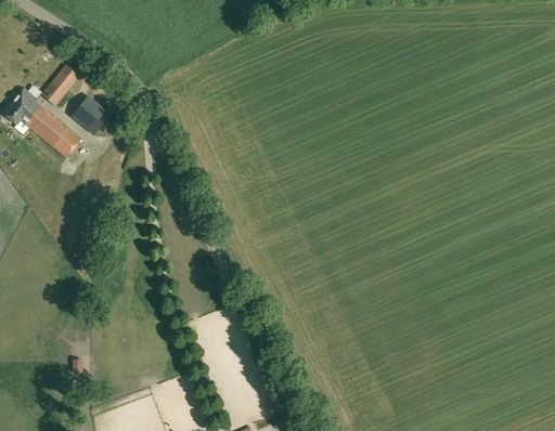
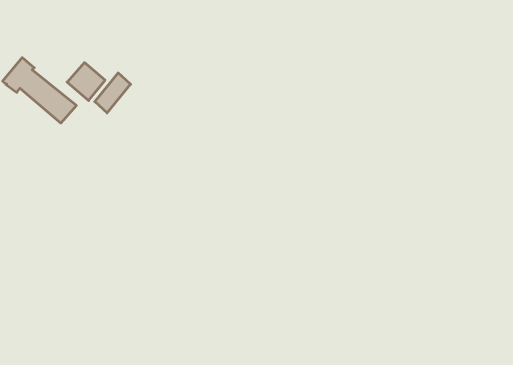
building: [41,64,79,106] -> [95,73,131,113]

